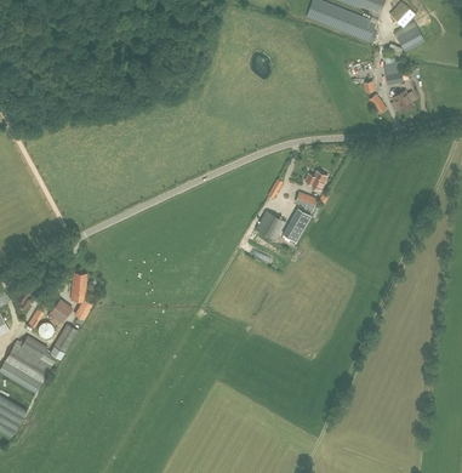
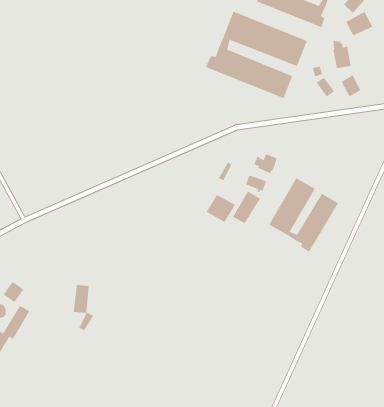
building: none -> [205,11,307,99]
building: none -> [269,177,339,253]
building: [69,272,91,319] -> [73,285,94,331]

